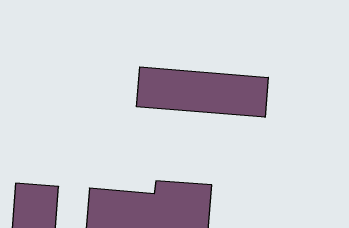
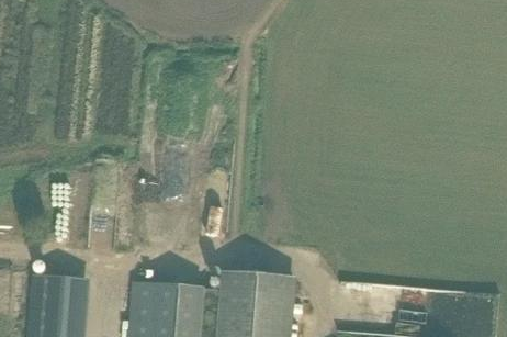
building: [137,67,268,117] -> none

